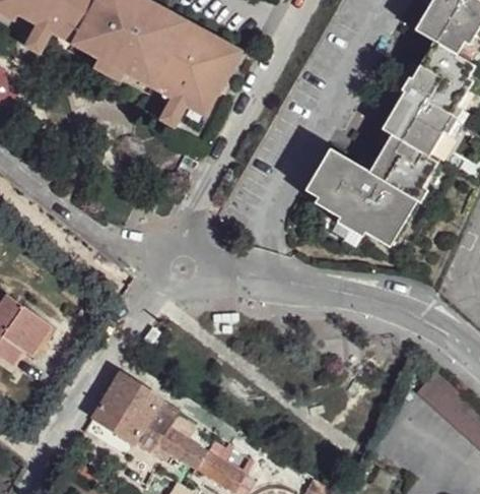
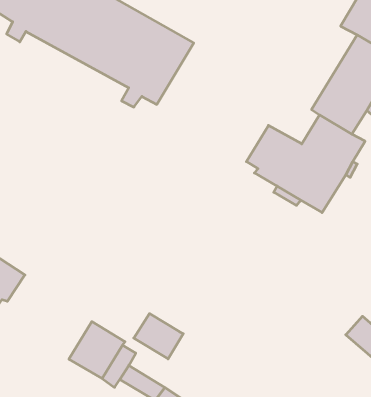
building: none -> [134,314,183,359]

